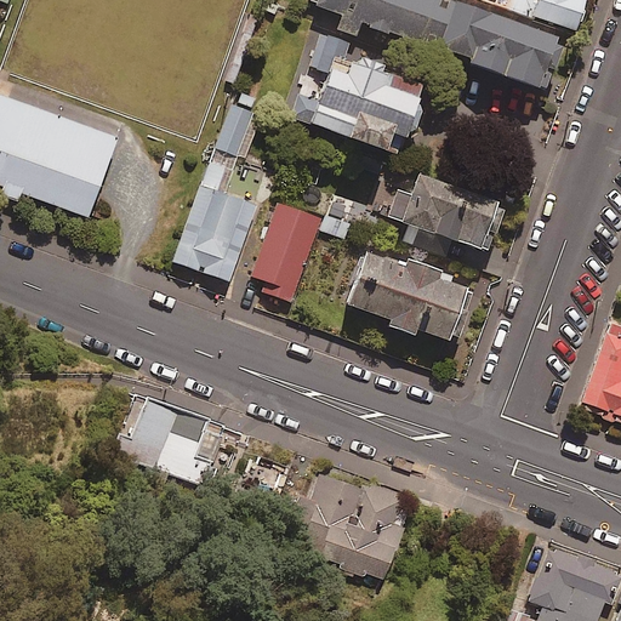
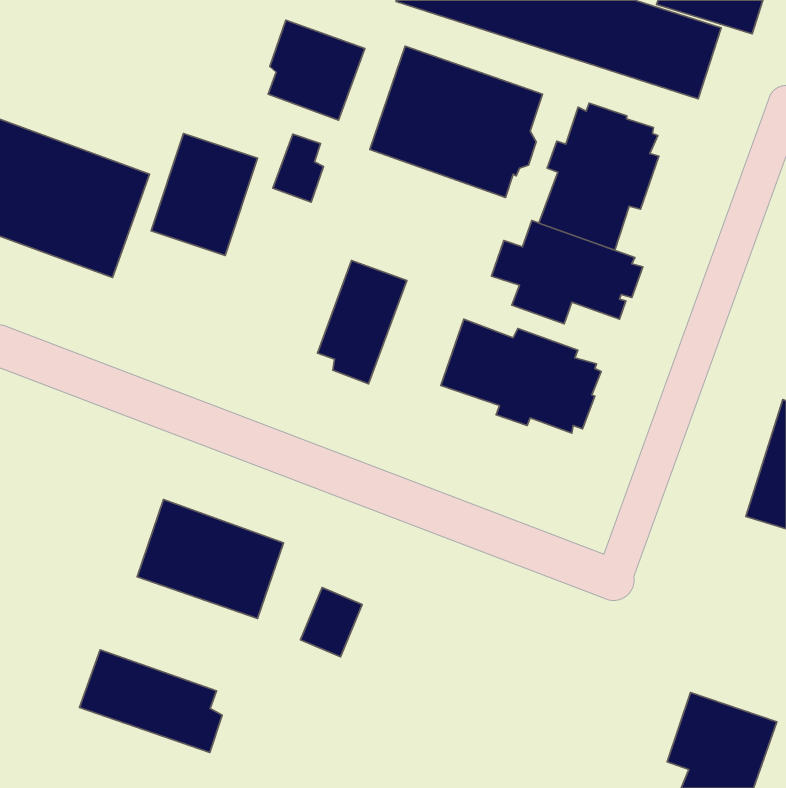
building: none -> [268,20,365,120]
building: none -> [539,103,659,250]
building: [171,186,255,281] -> [151,134,258,255]
building: [290,472,409,580] -> none
building: none -> [80,650,222,752]

